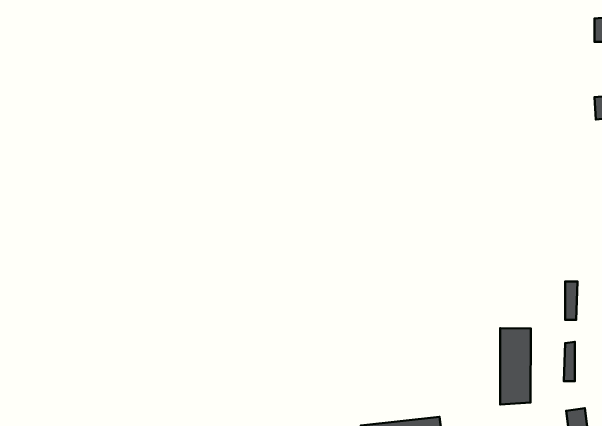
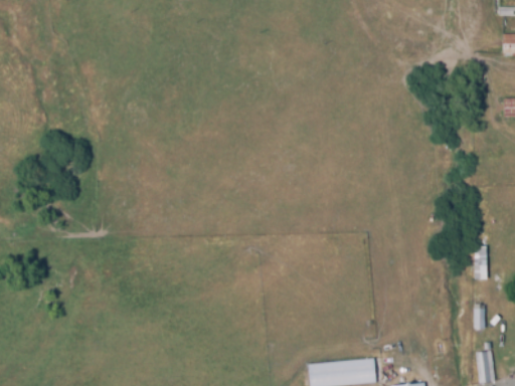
building: [500,328,531,404] -> none

